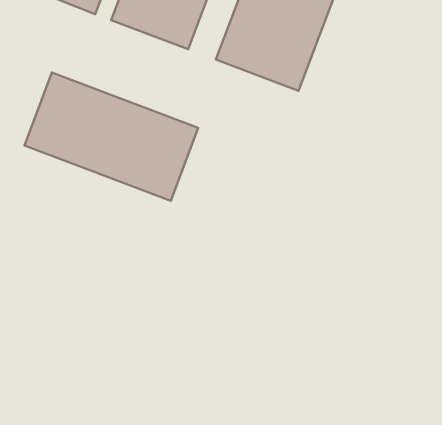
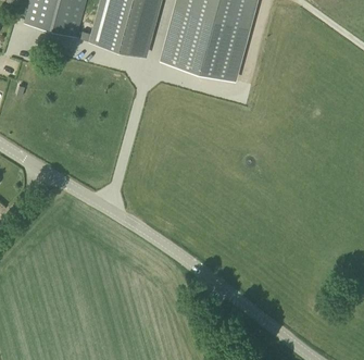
building: [24,73,198,201] -> none

